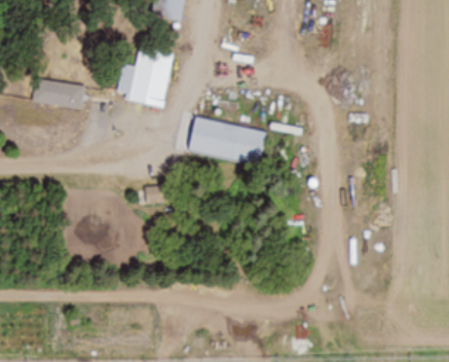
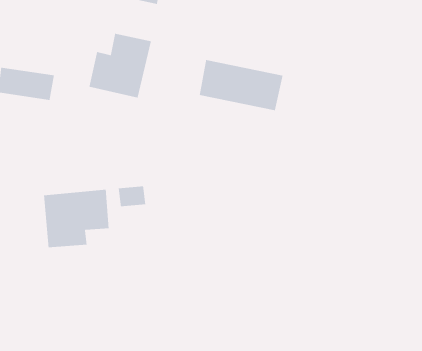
building: [188,117,265,165] -> [199,59,283,111]
building: none -> [43,189,109,248]

